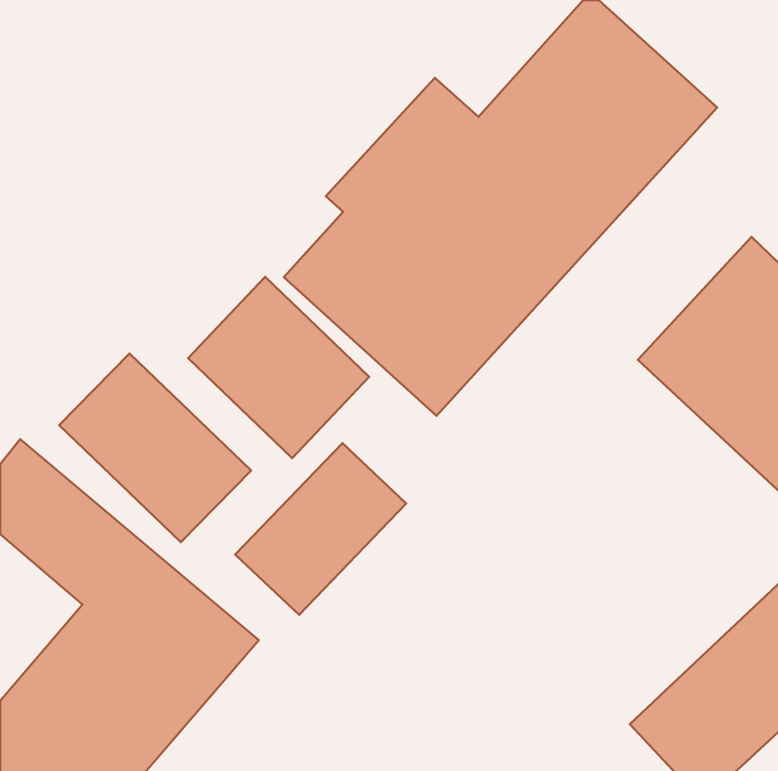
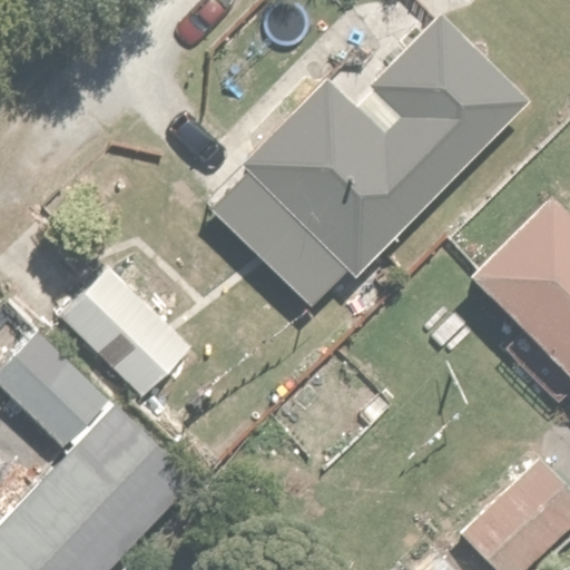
building: [188,277,369,458] -> none
building: [235,443,406,615] -> none

